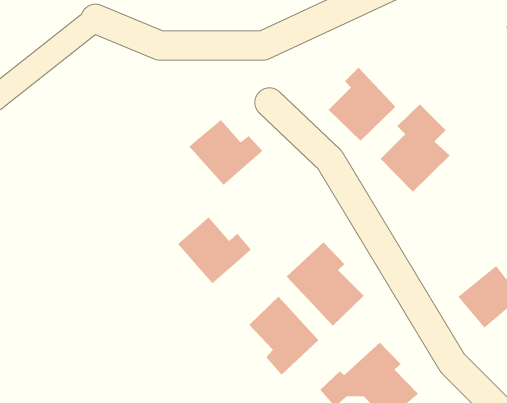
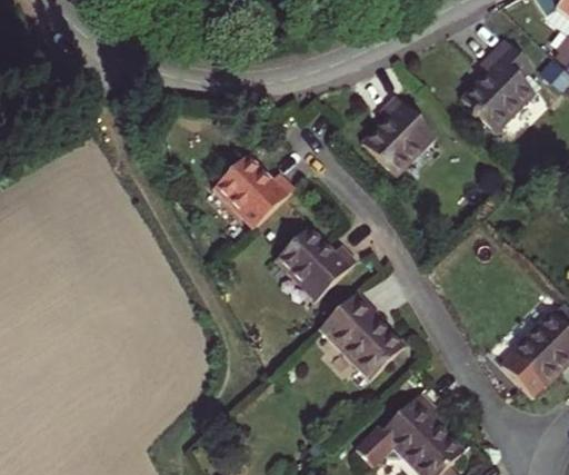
building: [380,104,451,192] -> [462,37,539,133]
building: [177,217,252,284] -> [277,227,358,300]
building: [248,296,319,375] -> none

